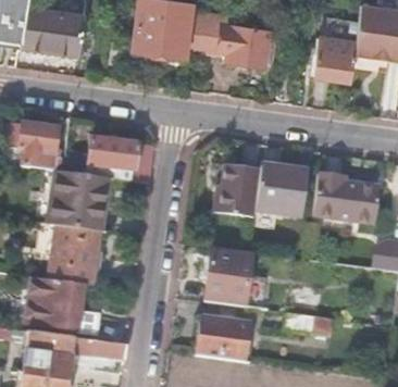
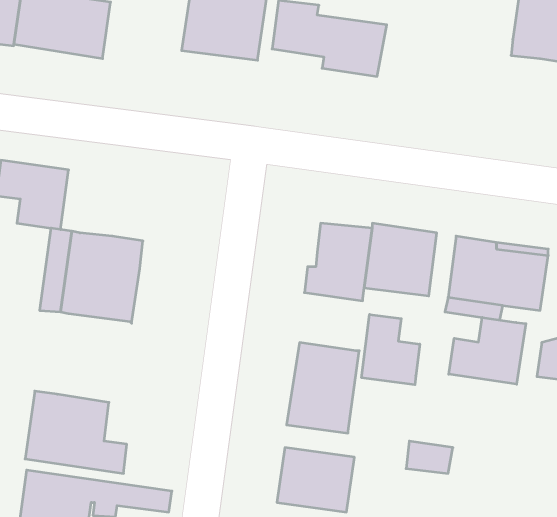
building: [314,36,357,79] -> none
building: [87,138,154,184] -> none
building: [50,226,99,287] -> none
building: none -> [362,314,420,385]
building: none -> [449,317,526,384]

